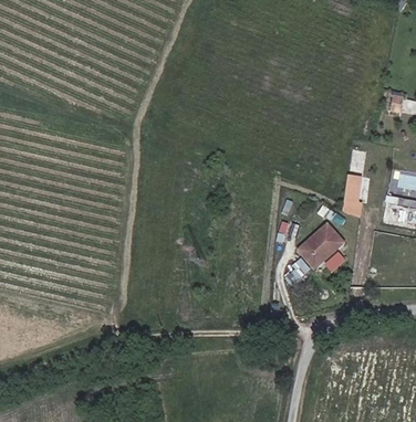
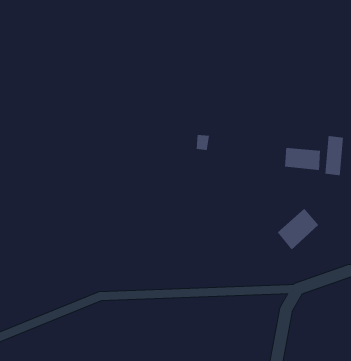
building: none -> [284,147,320,171]

